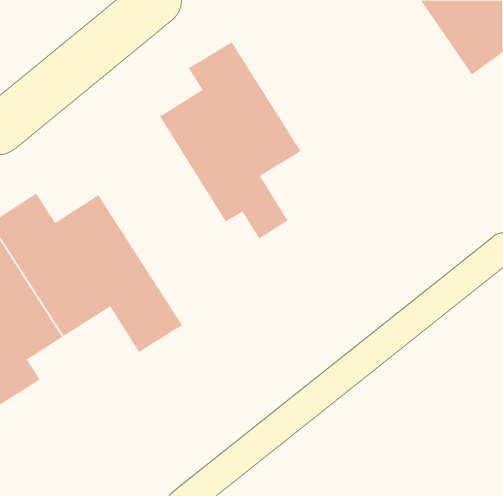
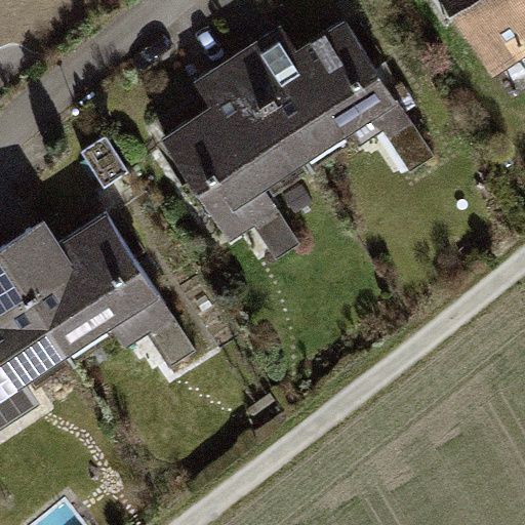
building: none -> [241,14,429,168]

